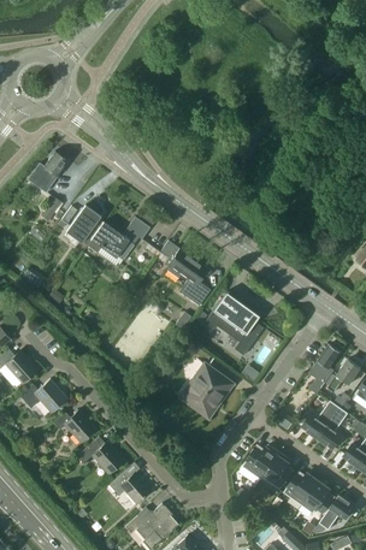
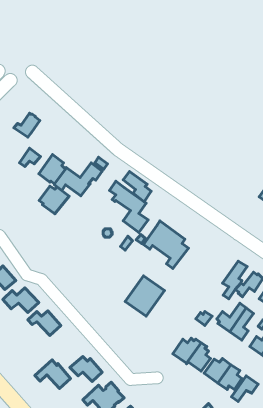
building: none -> [123,172,151,202]
building: none -> [39,186,69,214]
building: [76,437,123,474] -> [35,360,71,388]

